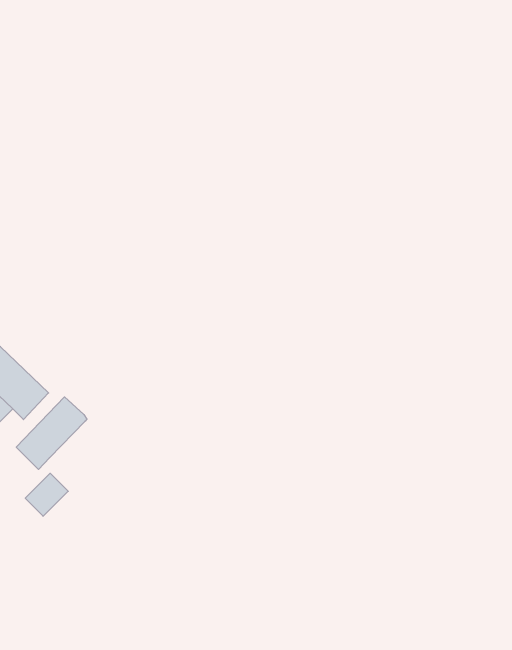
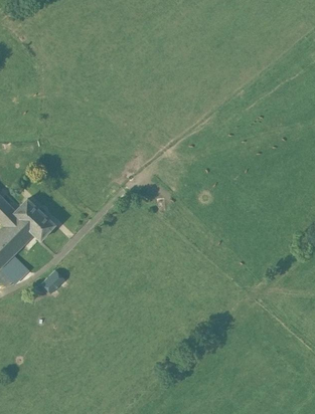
building: [16,397,87,469] -> none

